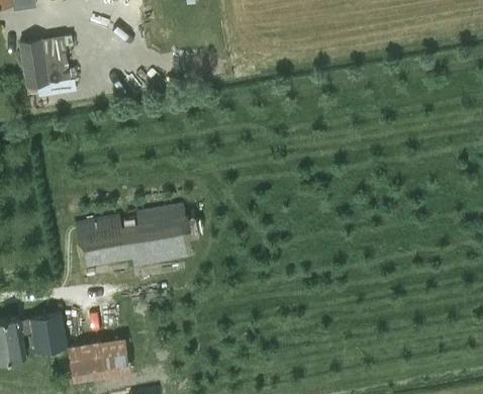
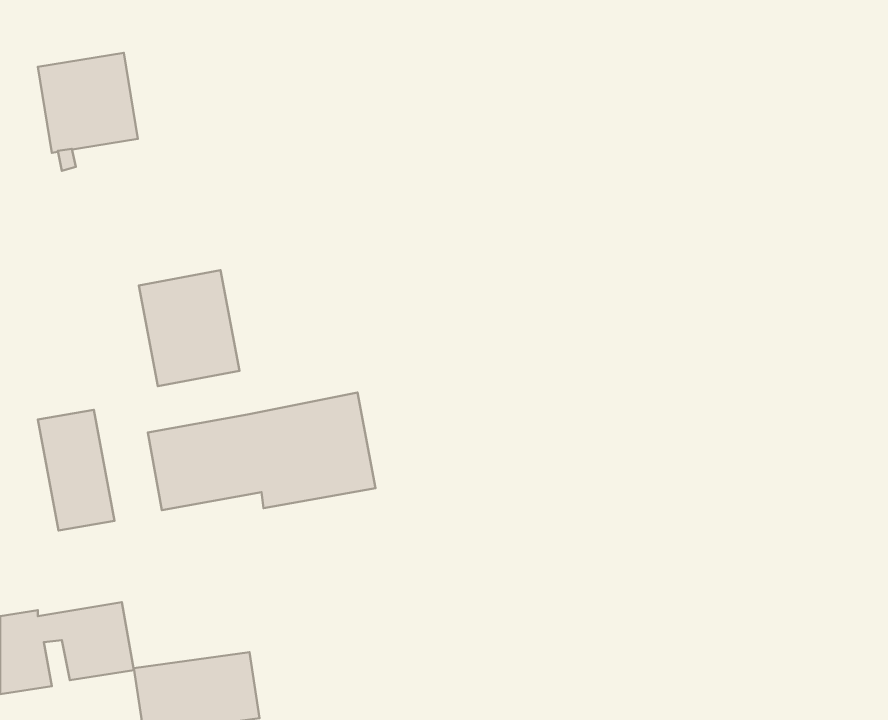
building: none -> [139,270,239,386]
building: none -> [38,410,115,530]

